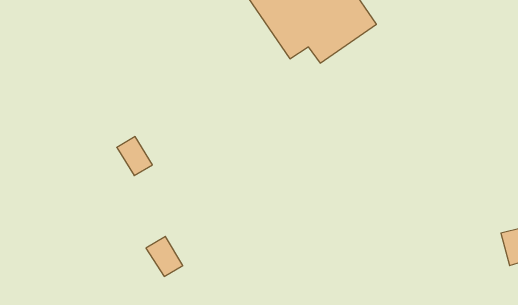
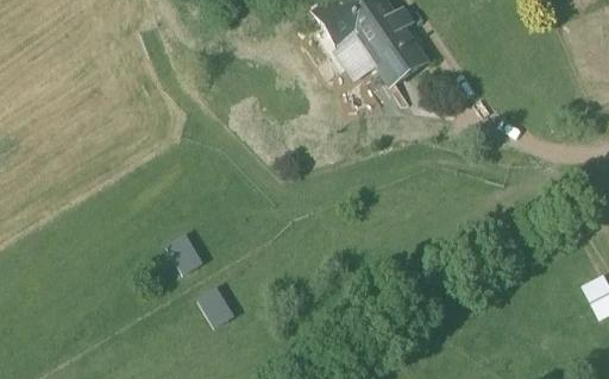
building: [117,137,152,176] -> [163,229,202,272]

